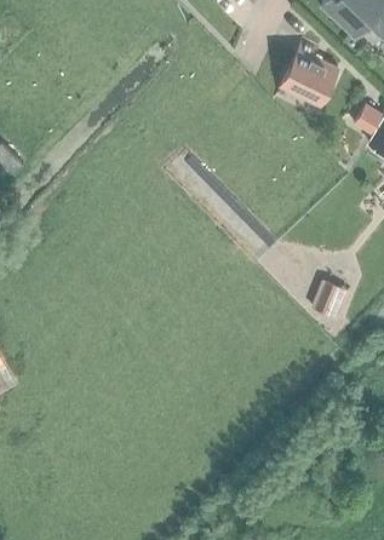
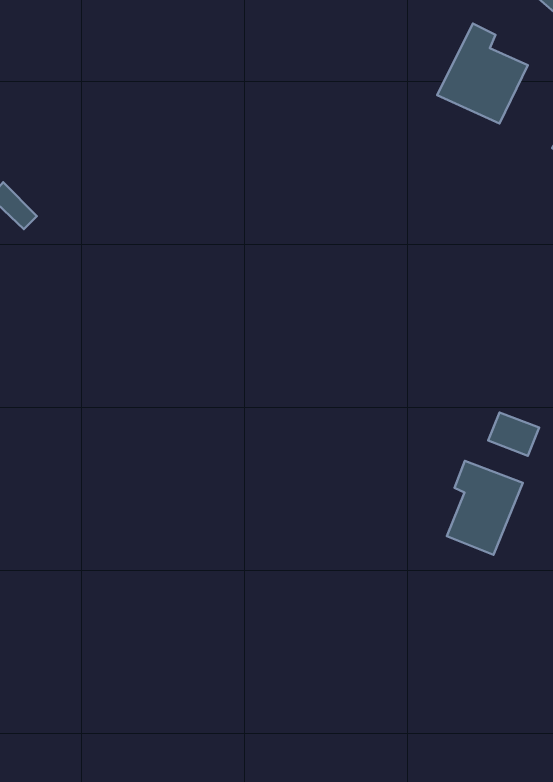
building: none -> [447,461,523,555]

